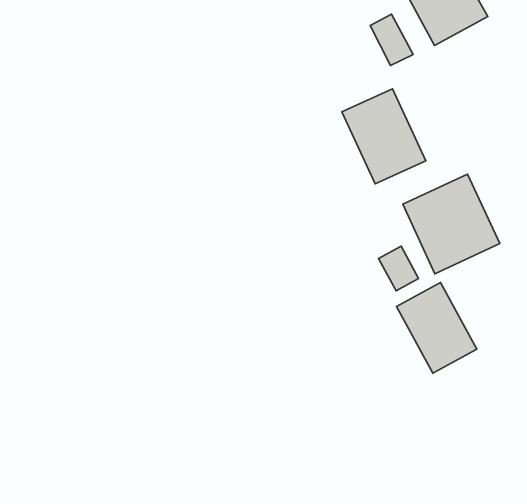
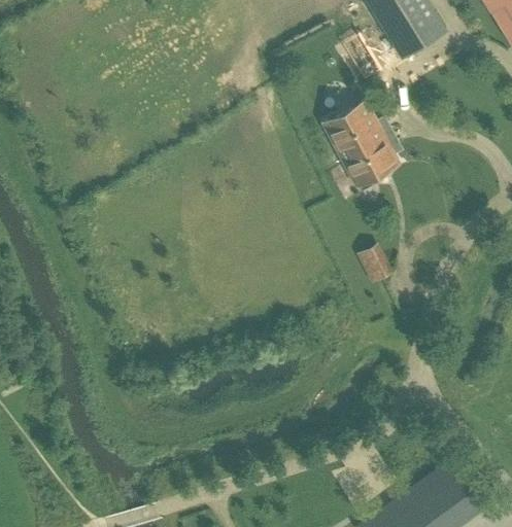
building: [403,174,500,274] -> none
building: [397,282,477,373] -> none

